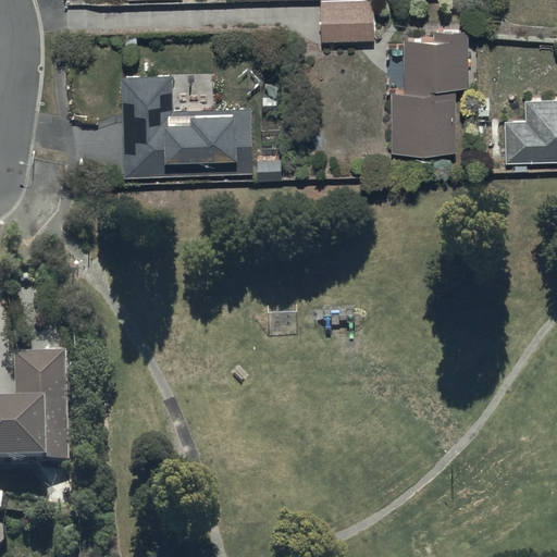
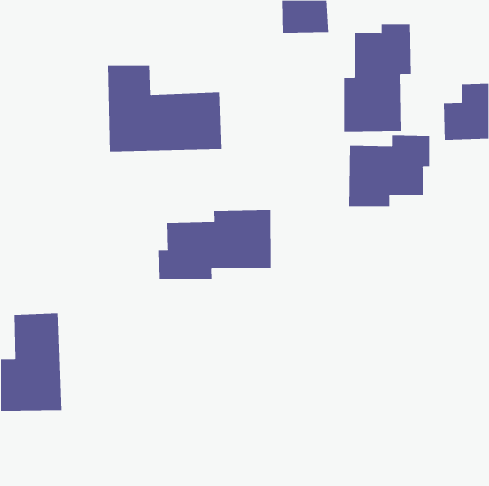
building: none -> [349,134,430,207]
building: none -> [158,209,271,280]

